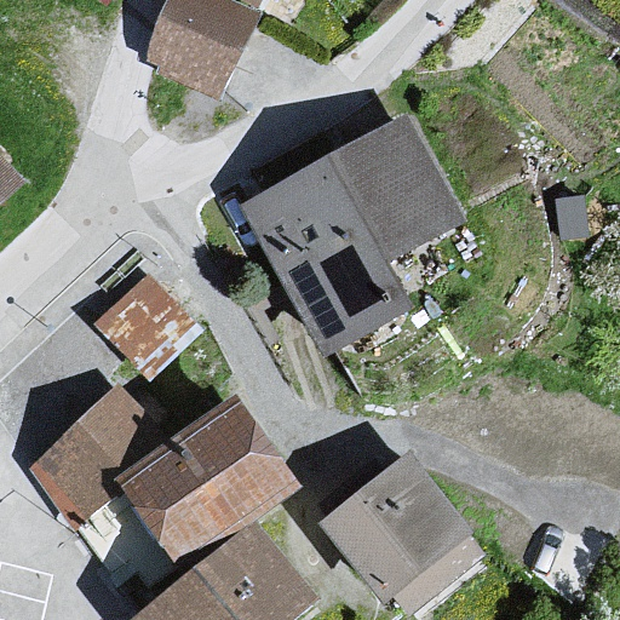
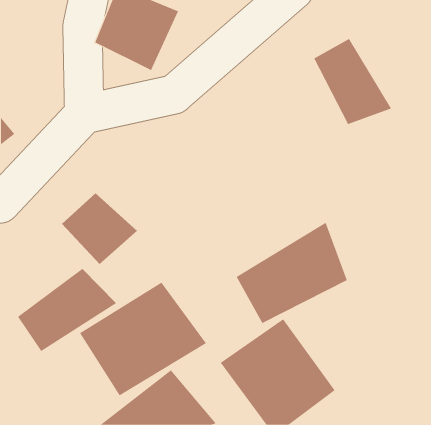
building: none -> [314,38,392,125]
building: [240,115,465,357] -> none
building: none -> [236,222,347,324]

